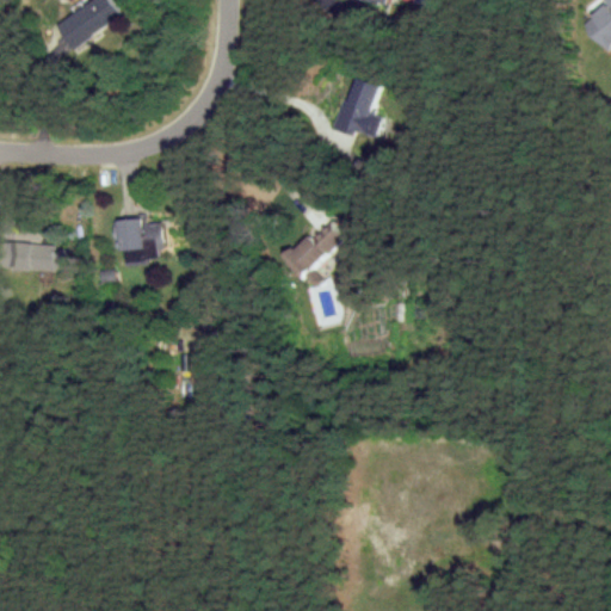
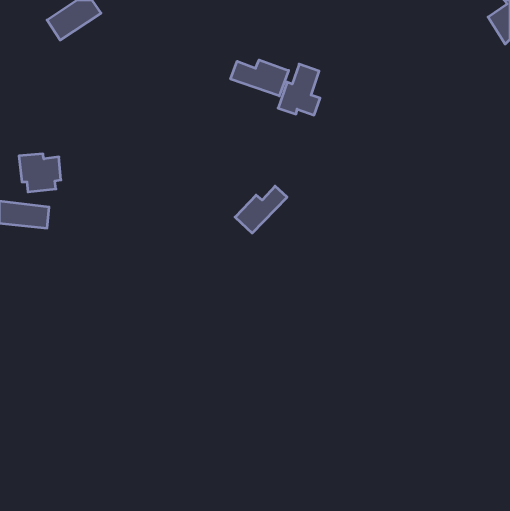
building: none -> [231,60,289,96]
building: [111,217,161,263] -> [19,154,61,192]

